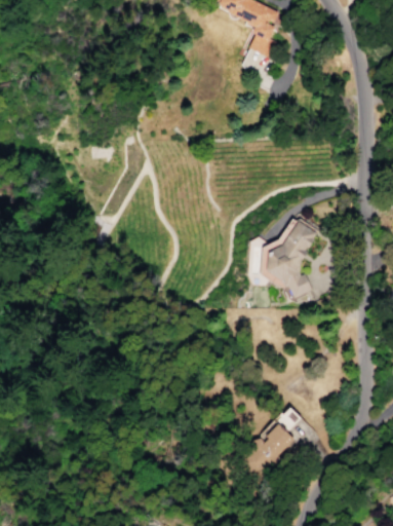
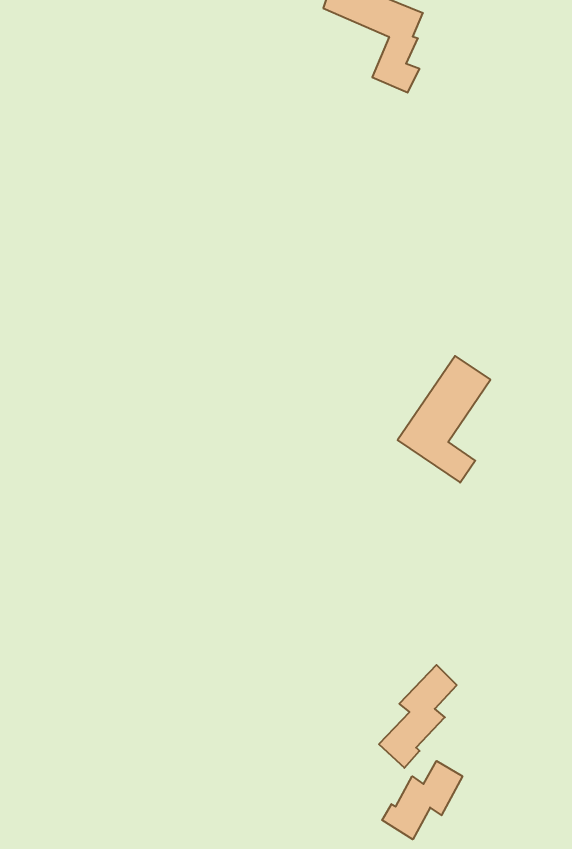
building: none -> [382,761,462,839]

